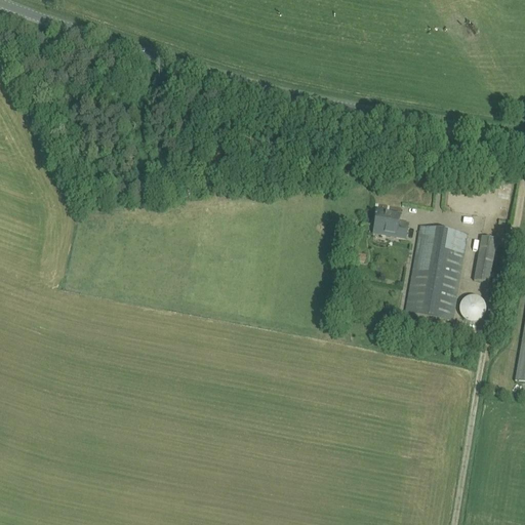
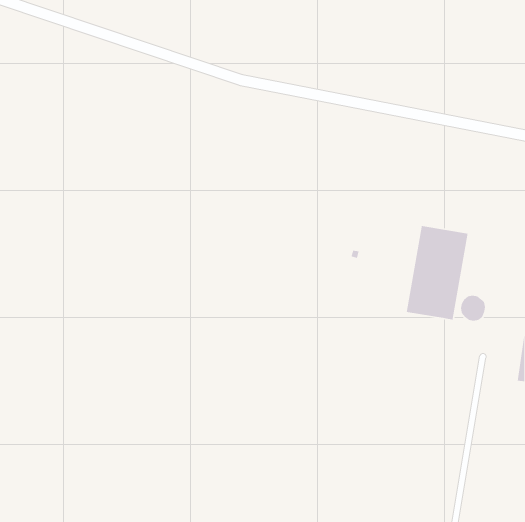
building: [374,208,408,238] -> none
building: [474,236,496,282] -> none

